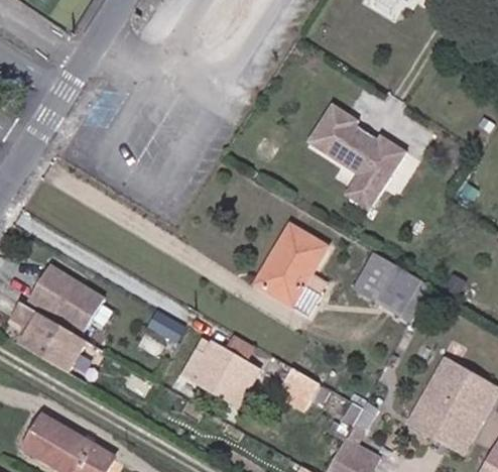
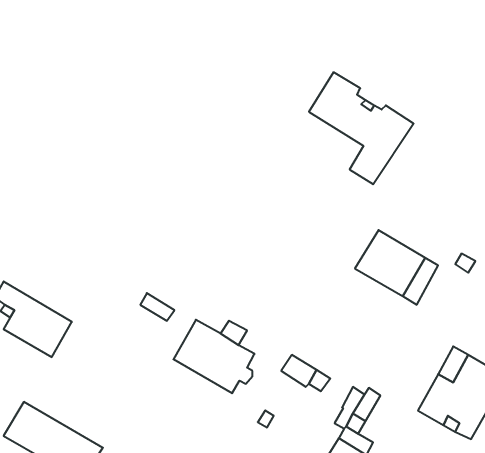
building: [255,225,327,316] -> none
building: [27,264,103,332] -> none

